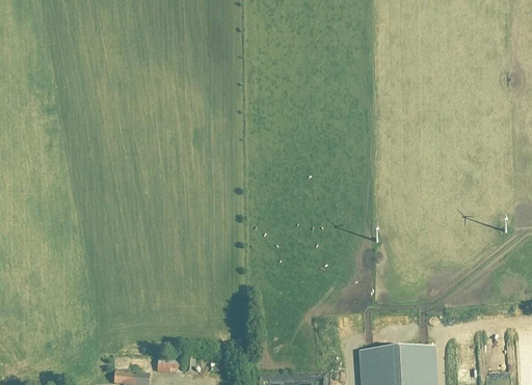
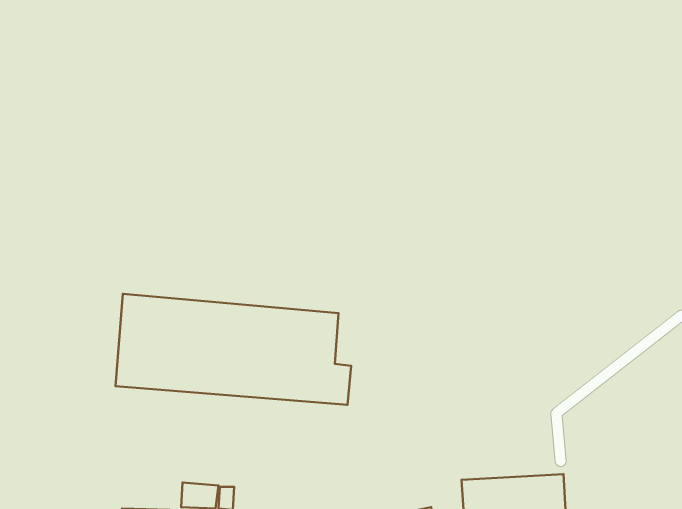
building: none -> [116,294,351,405]

